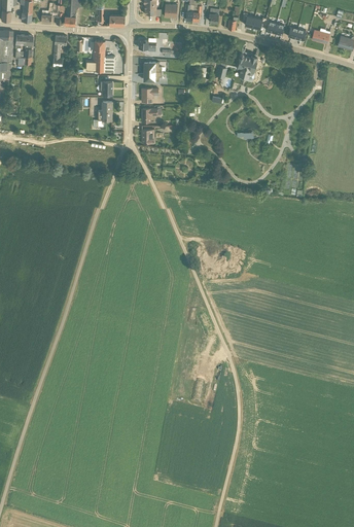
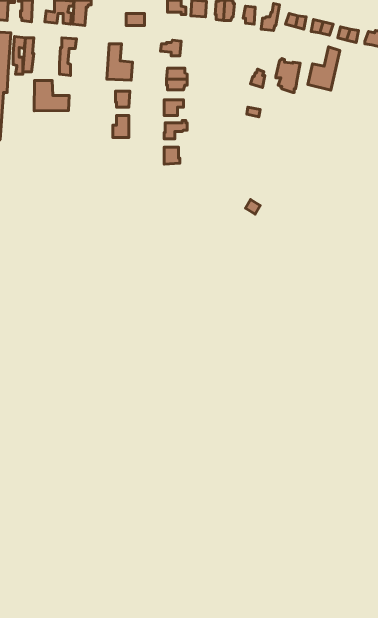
building: none -> [308,47,340,90]
building: none -> [34,80,69,111]

